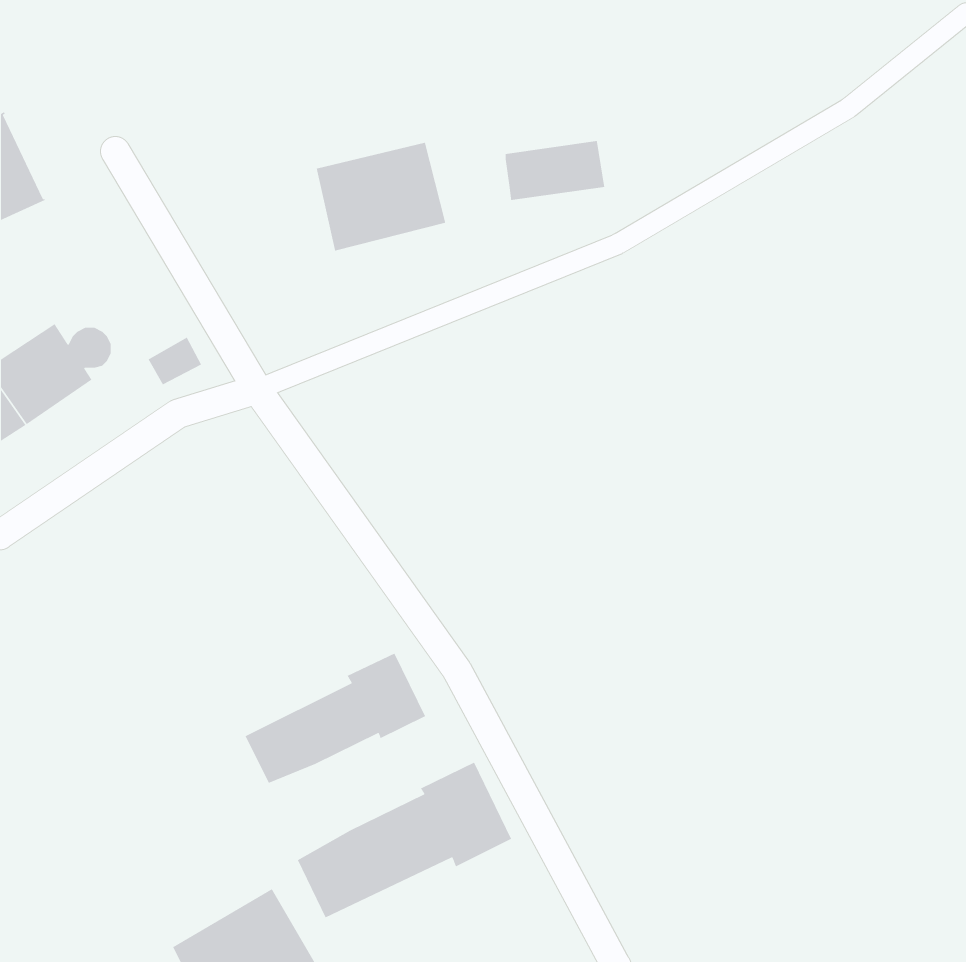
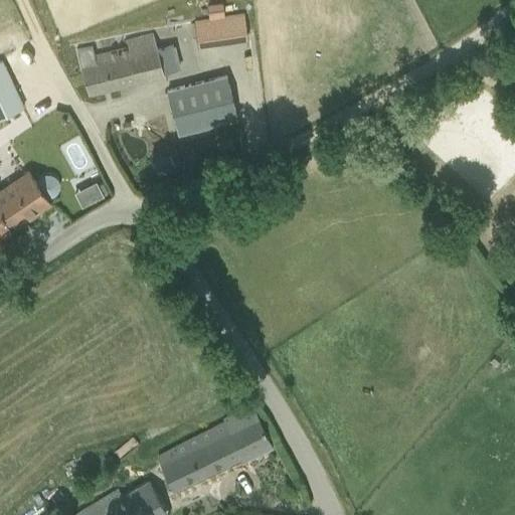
building: none -> [76,37,179,96]
building: [505,140,605,201] -> [194,14,247,46]
building: [245,653,426,784] -> none

